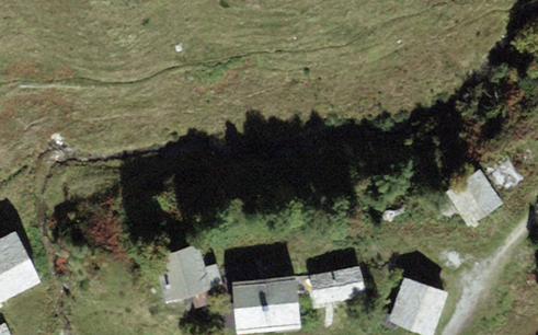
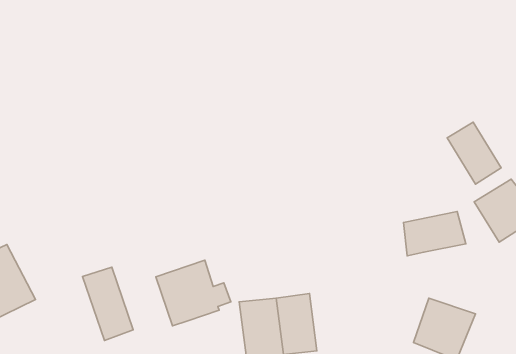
building: none -> [447,122,501,184]
building: none -> [83,267,133,340]
building: [309,266,366,307] -> [404,212,466,256]

